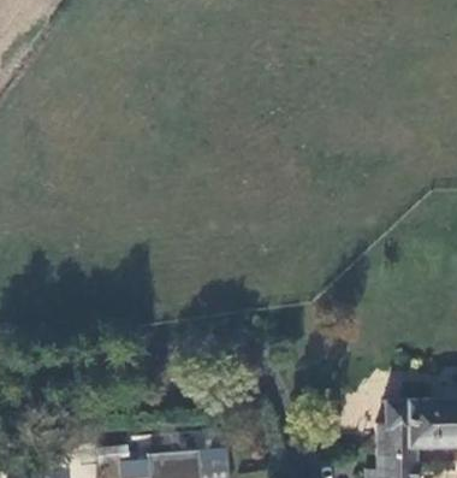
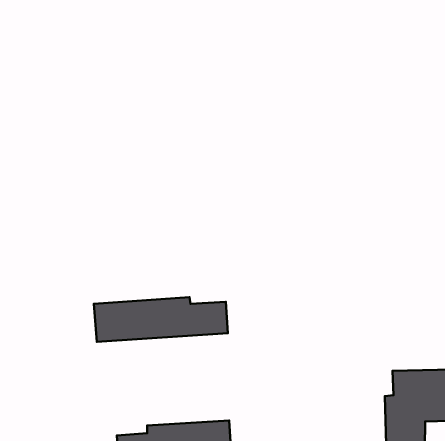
building: none -> [94,297,228,342]

